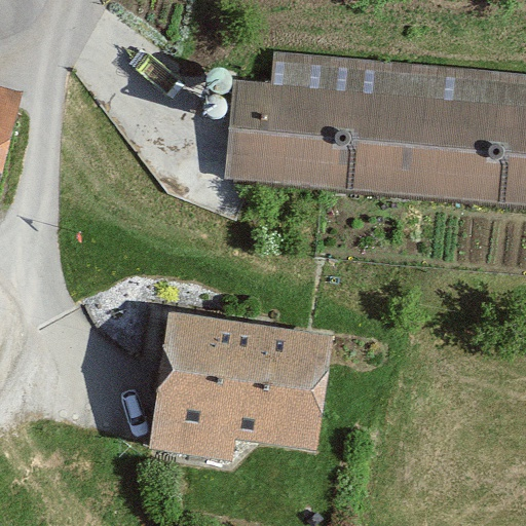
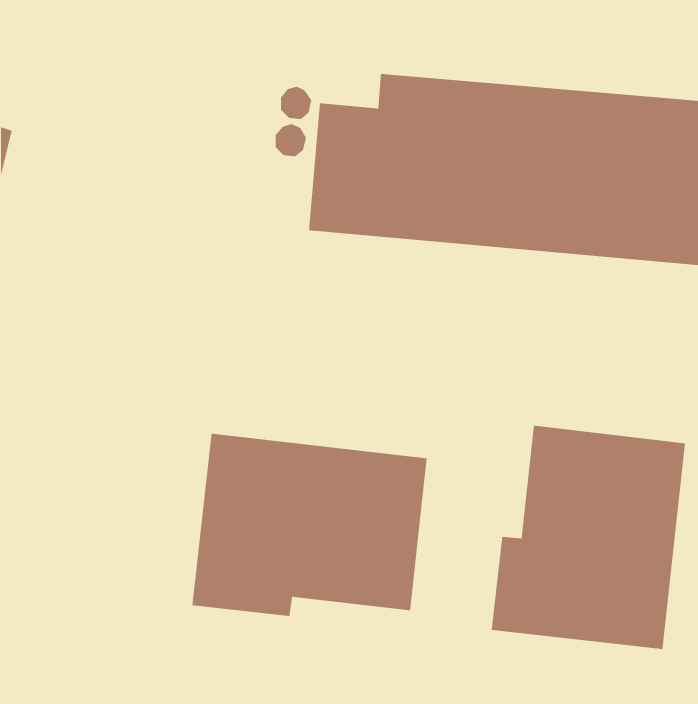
building: none -> [491,425,686,650]

